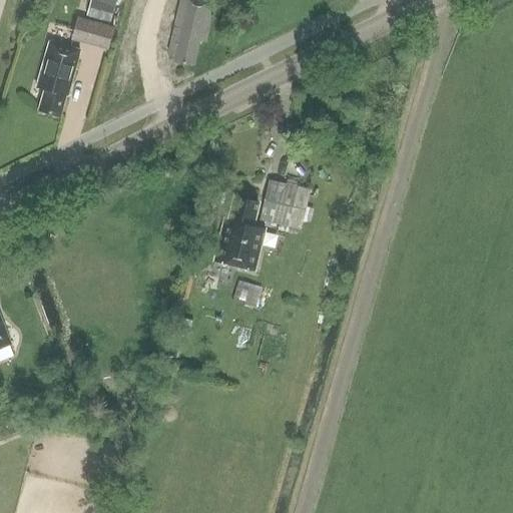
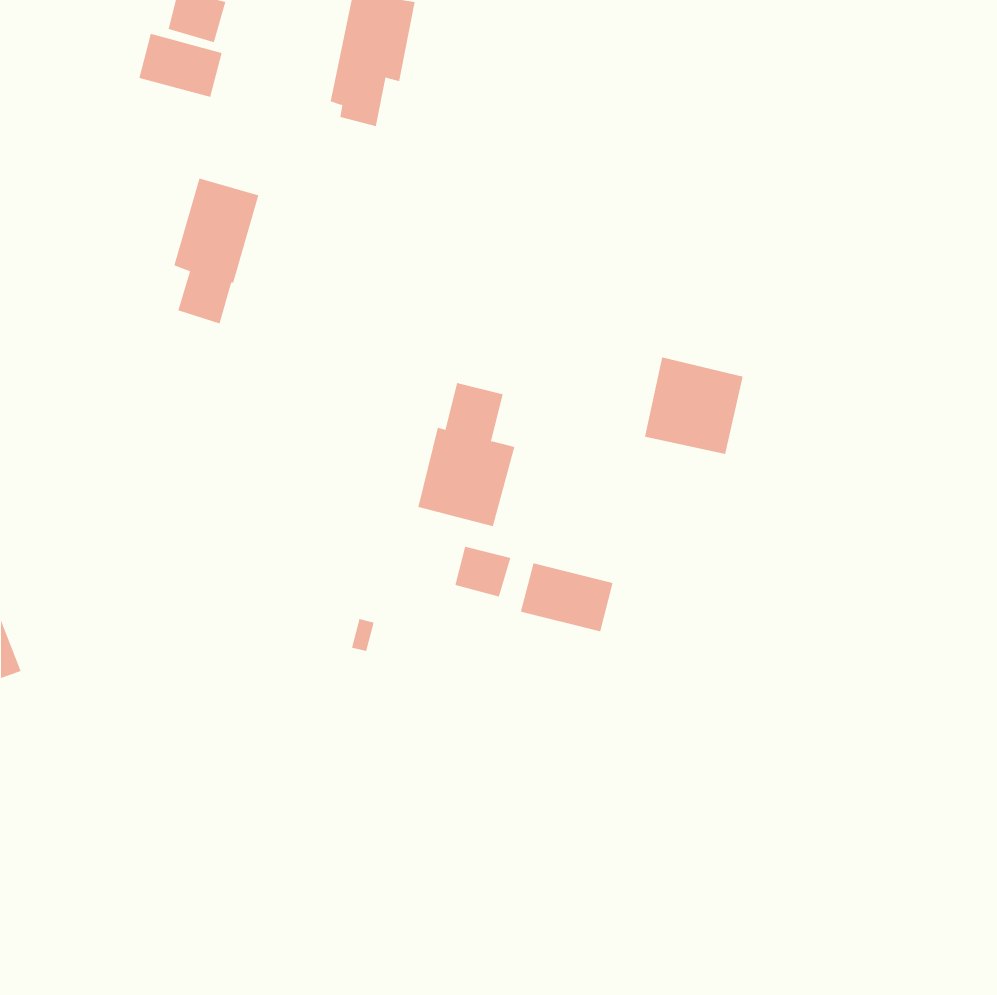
building: [36,41,80,116] -> [173,178,259,324]
building: [259,179,310,229] -> [644,357,744,455]
building: none -> [520,562,613,632]

